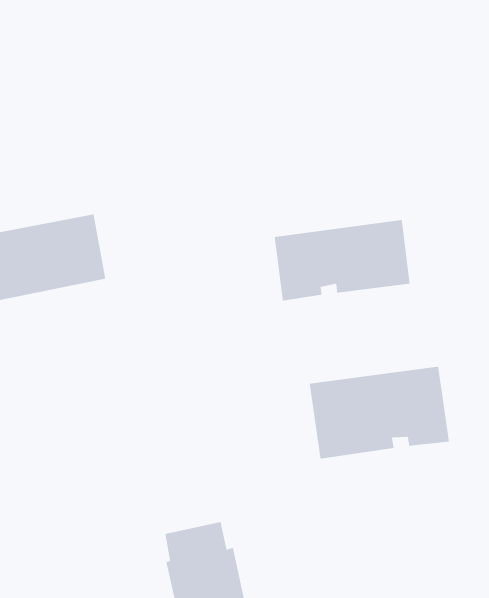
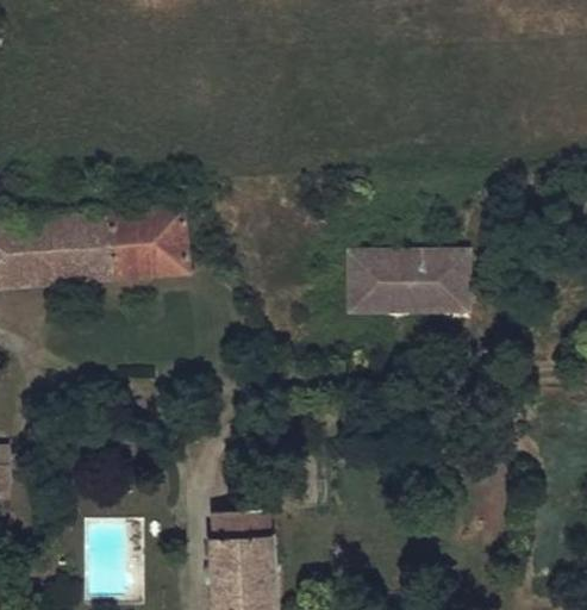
building: [309,366,450,459] -> none

